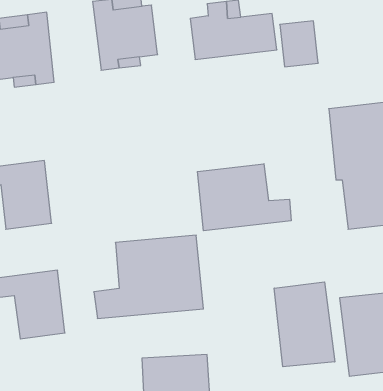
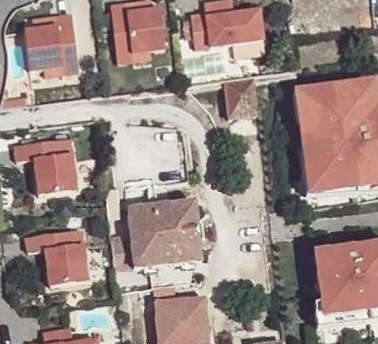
building: [280,21,318,67] -> [225,78,257,116]
building: [197,164,291,231] -> none
building: [274,282,335,367] -> none

